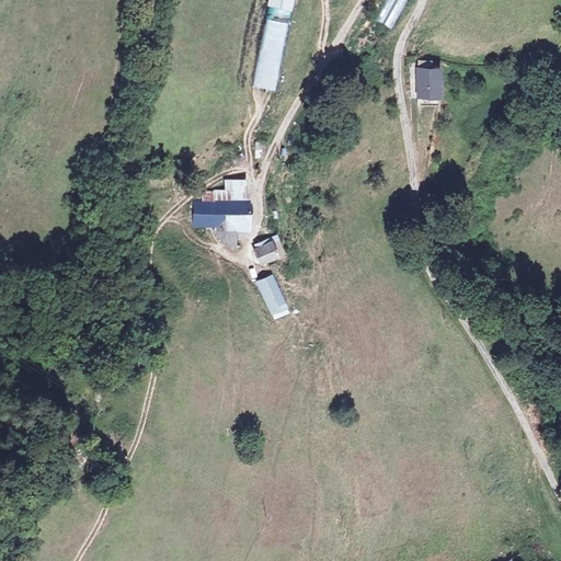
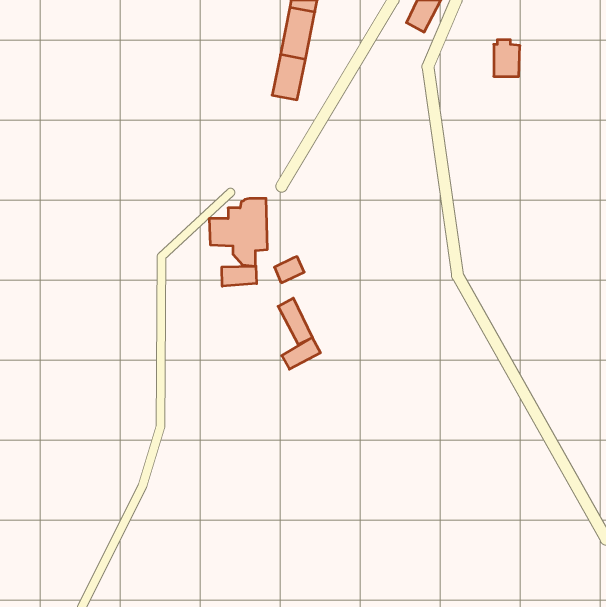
building: [416,61,440,95] -> [494,40,520,76]
building: none -> [222,266,257,286]
building: none -> [282,337,320,369]

